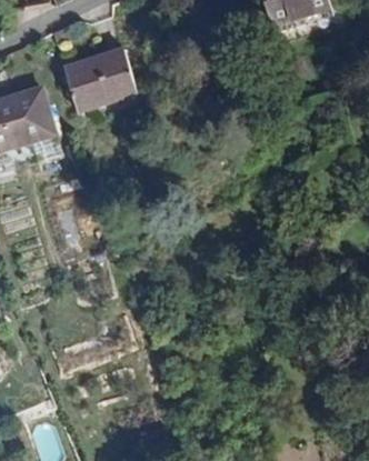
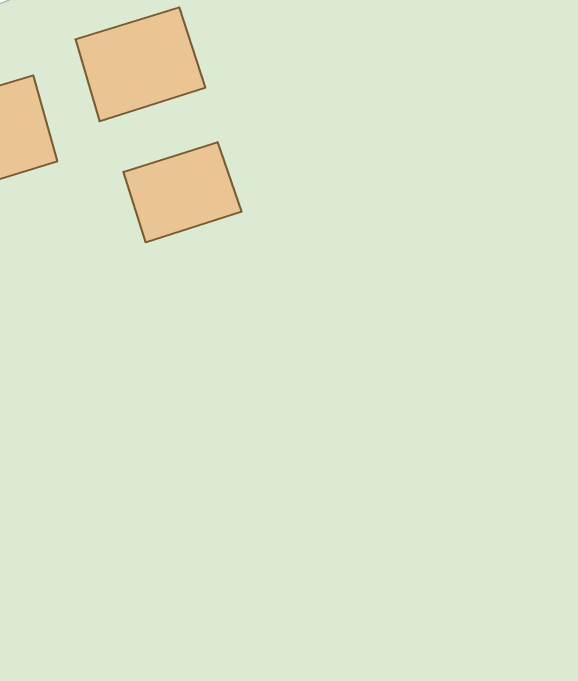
building: none -> [123,142,241,242]

